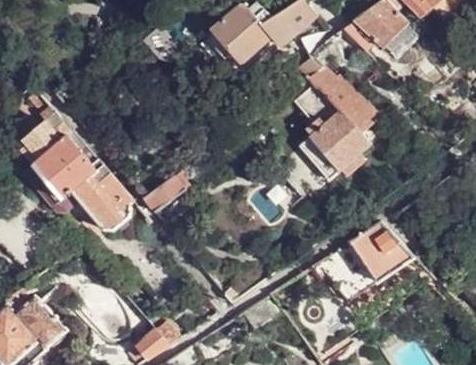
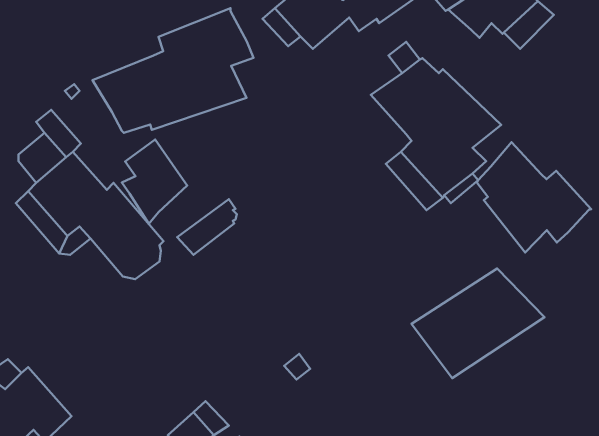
building: none -> [93,8,253,133]
building: none -> [122,139,187,224]
building: none -> [477,142,591,252]

